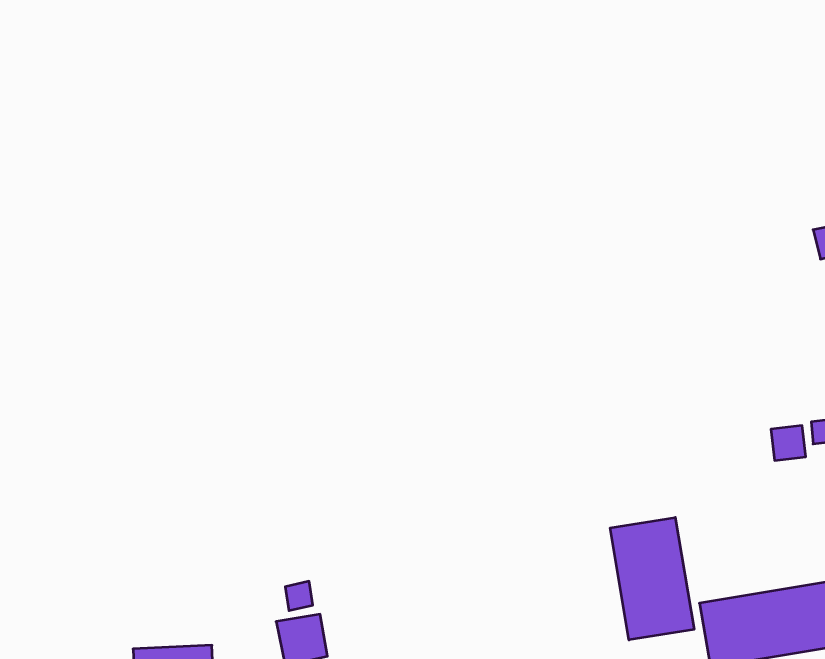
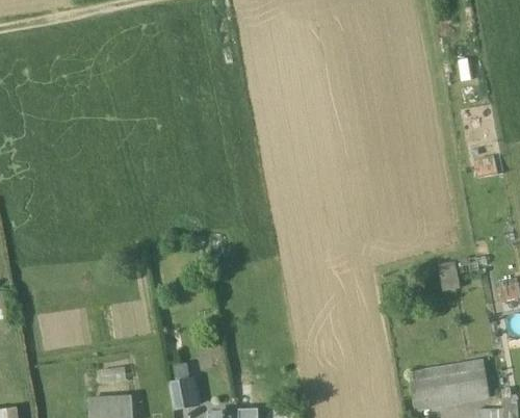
building: [610,517,694,640] -> none

